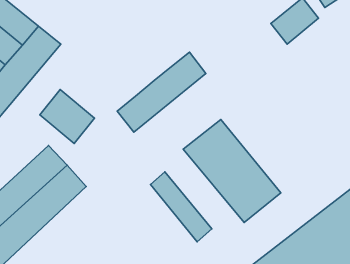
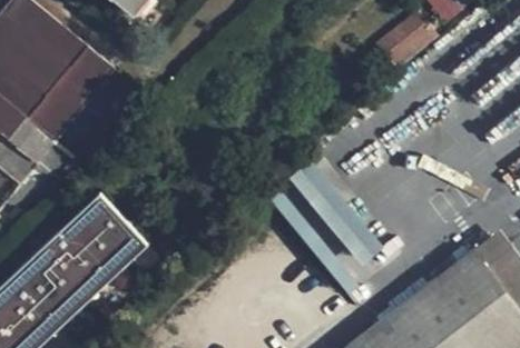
building: [117,52,206,132] -> none
building: [40,89,94,144] -> none
building: [150,172,212,242] -> none

